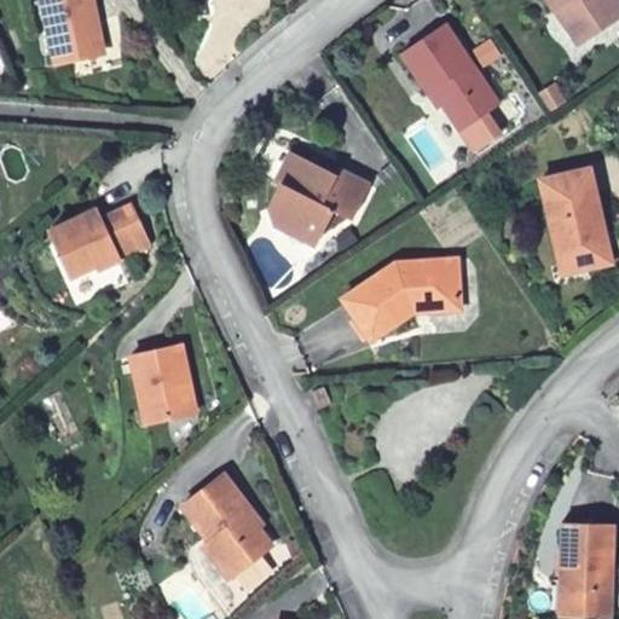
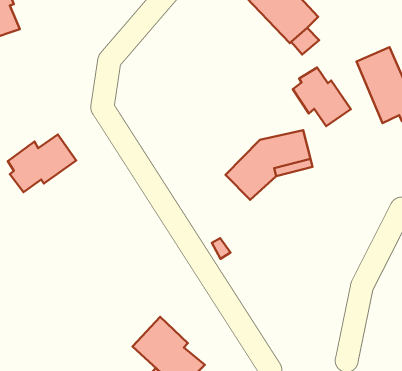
building: [273,156,374,247] -> none
building: none -> [293,67,351,126]
building: [129,347,197,427] -> none

